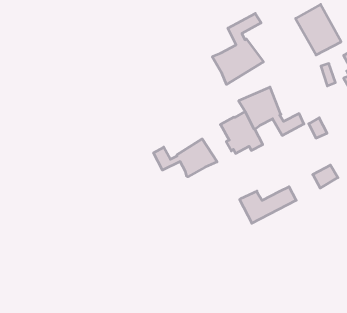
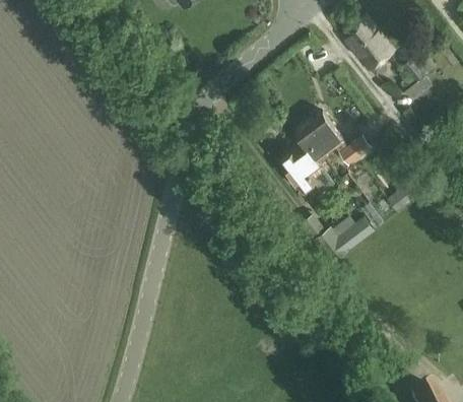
building: [212,13,263,84] -> none
building: [154,139,217,177] -> none

